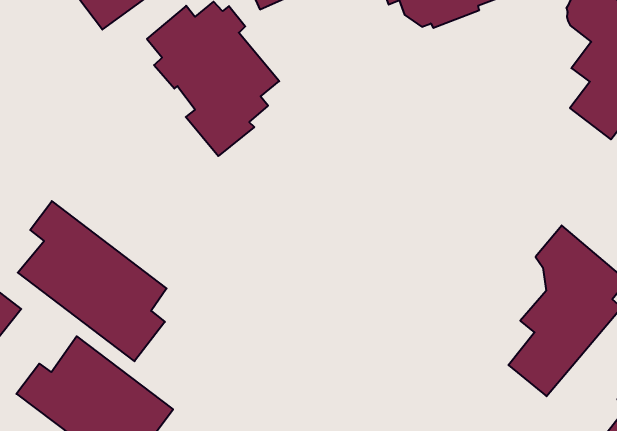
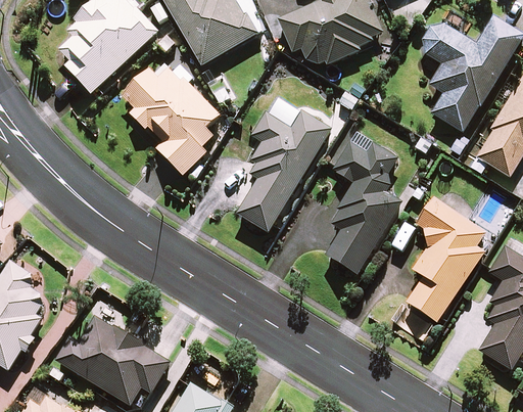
building: none -> [237,97,331,233]
building: none -> [326,132,402,274]
building: [18,201,167,361] -> none

